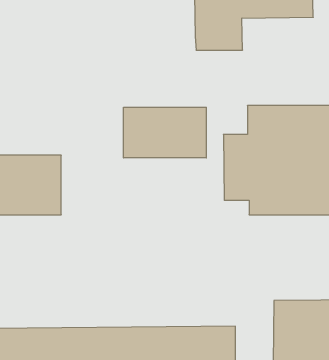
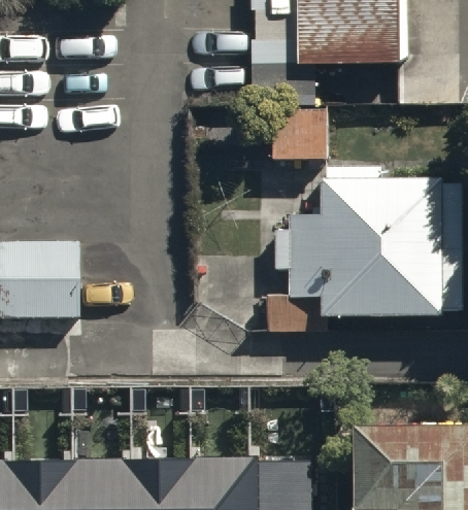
building: [124,107,206,158] -> none

